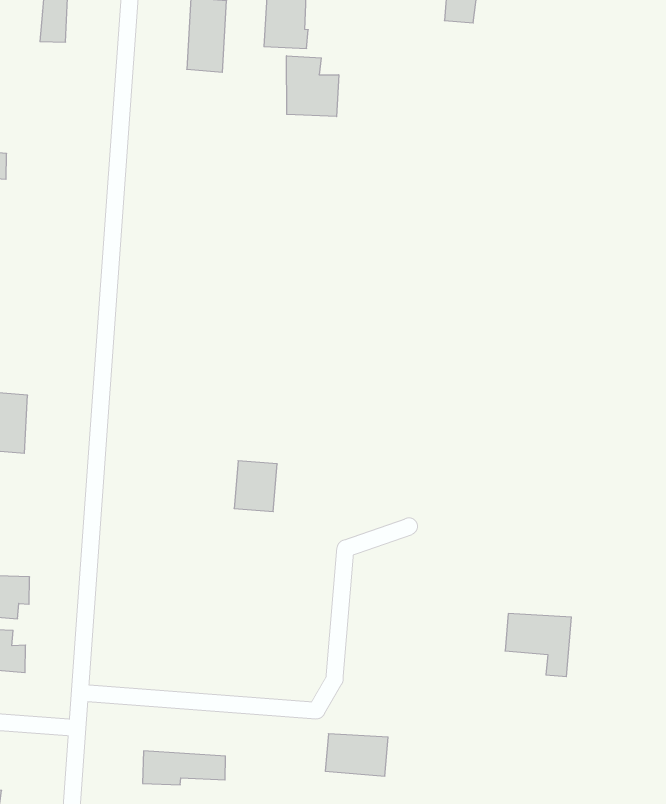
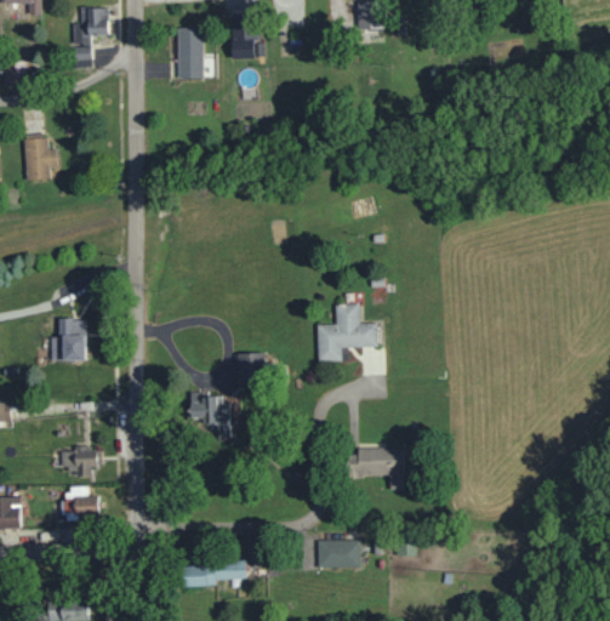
building: [287,56,339,117] -> none
building: none -> [317,303,377,361]
building: none -> [190,392,228,438]
building: [505,614,571,677] -> [359,448,404,490]

